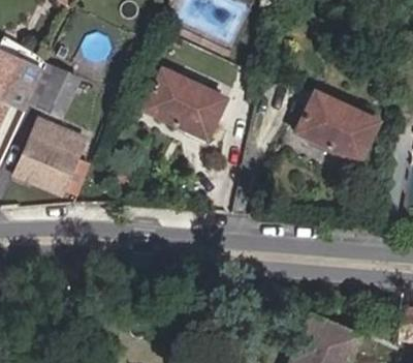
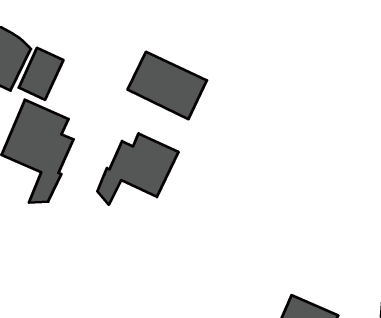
building: [296,92,378,161] -> none
building: none -> [97,133,178,205]

